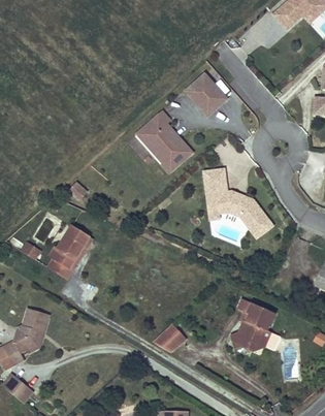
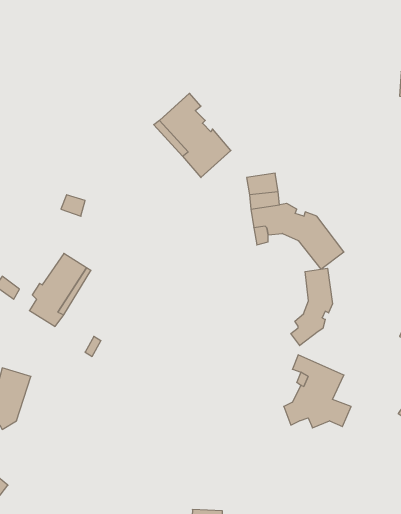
building: [185,73,227,116] -> none
building: none -> [291,268,332,346]
building: [152,325,183,353] -> none

